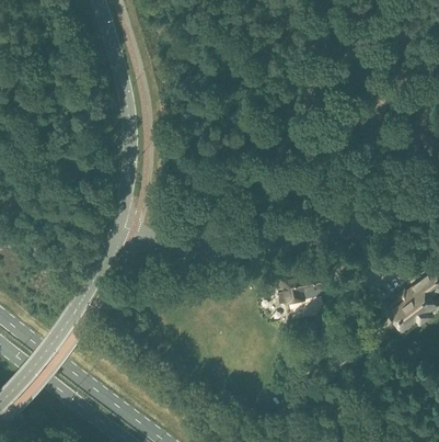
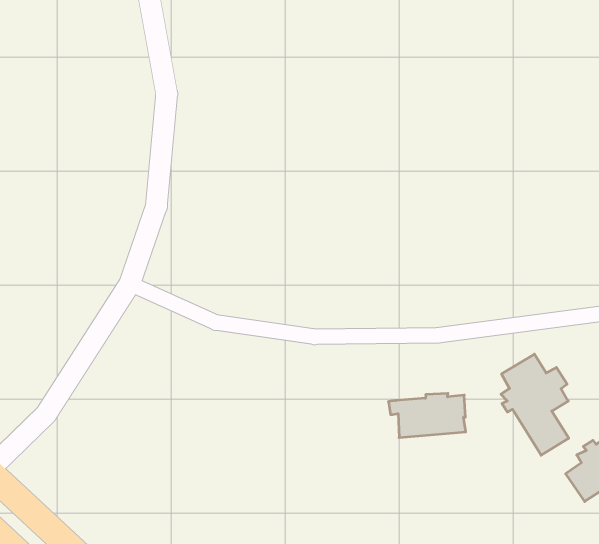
building: none -> [501,354,569,455]

